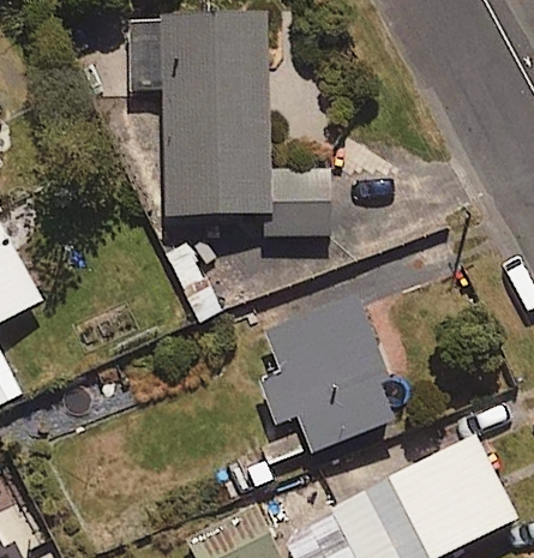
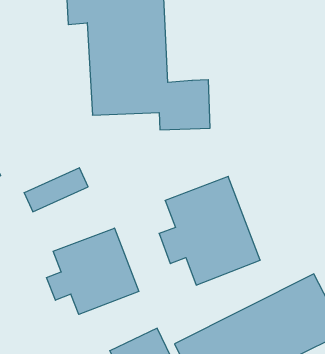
building: none -> [46,228,139,314]

